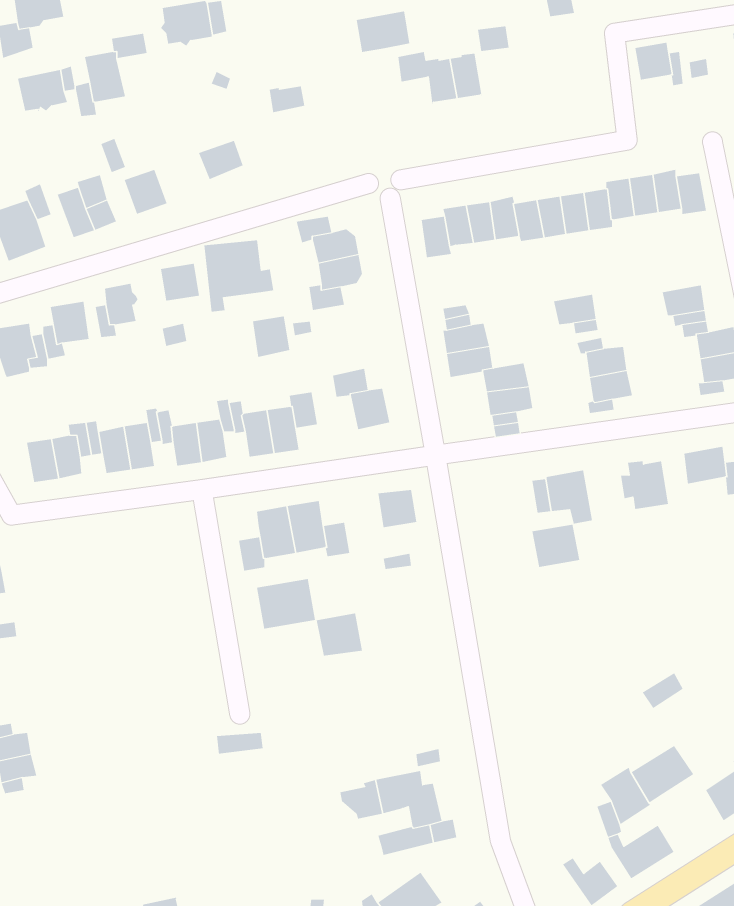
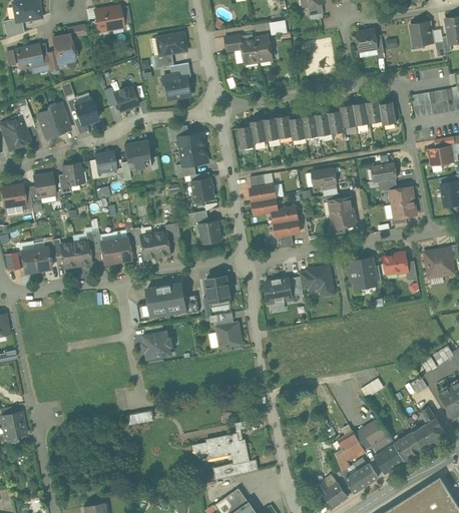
building: [356,11,410,53] -> [156,33,186,56]
building: none -> [163,73,195,99]
building: [252,316,290,357] -> [191,179,212,202]
building: [531,524,580,568] -> [264,280,291,304]
building: [316,613,363,656] -> [215,324,242,348]
building: none -> [372,435,405,474]

